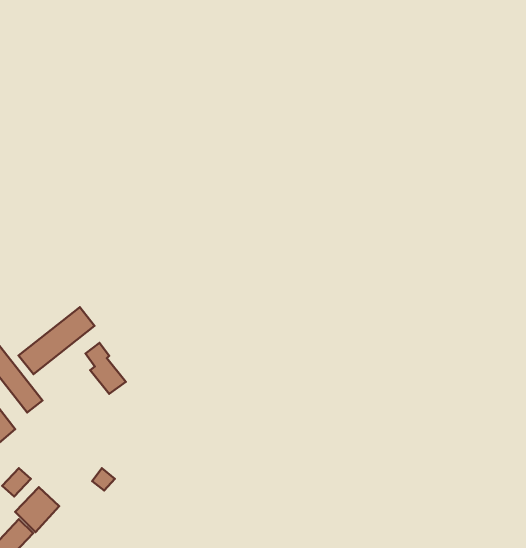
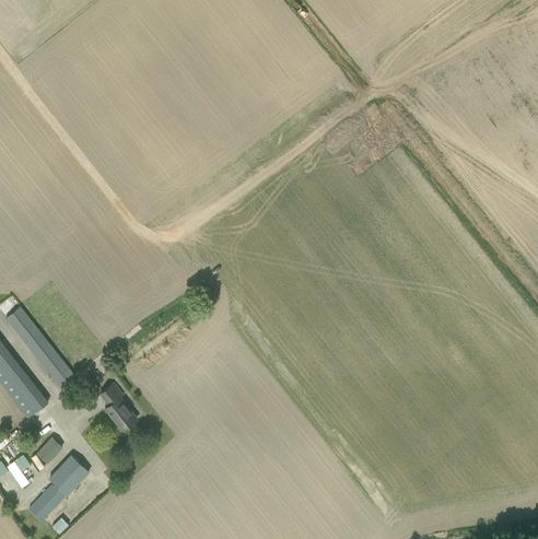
building: [19,307,95,374] -> none
building: [85,343,126,394] -> [100,384,137,431]

